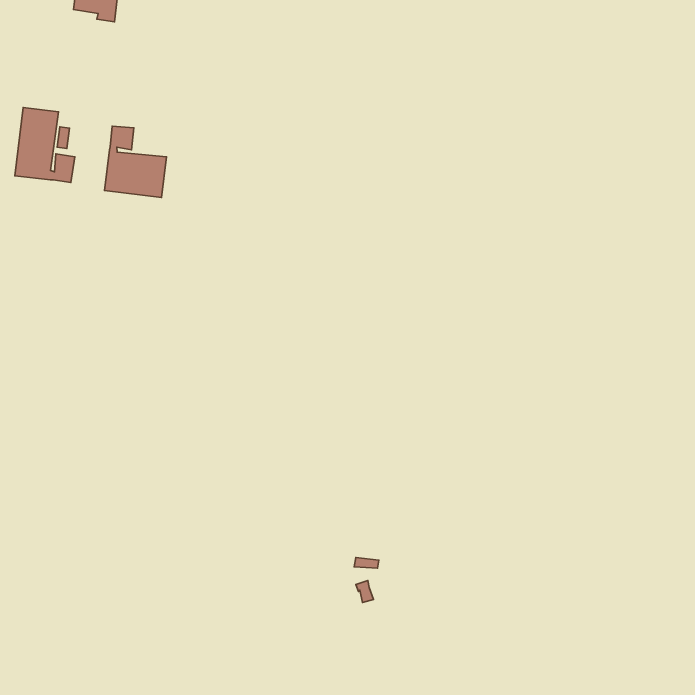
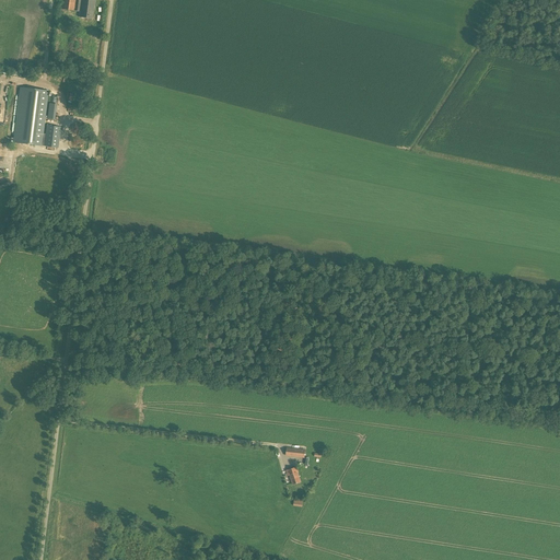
building: [104,126,166,198] -> none

